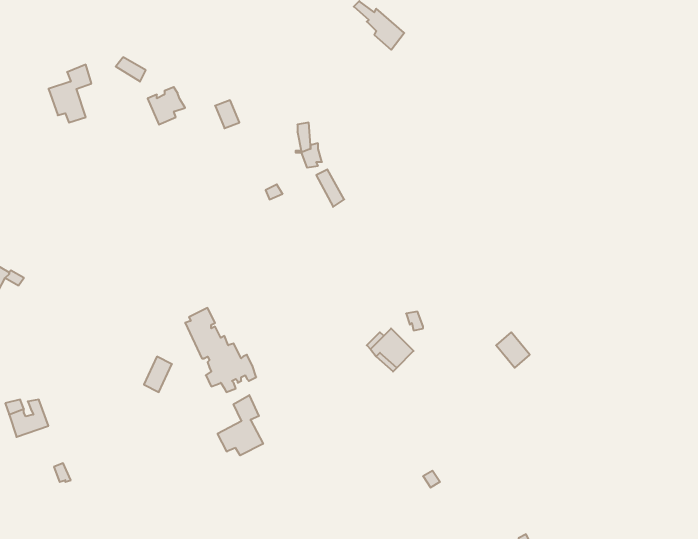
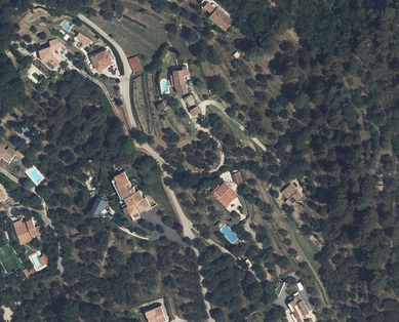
building: [218,395,263,455] -> none

